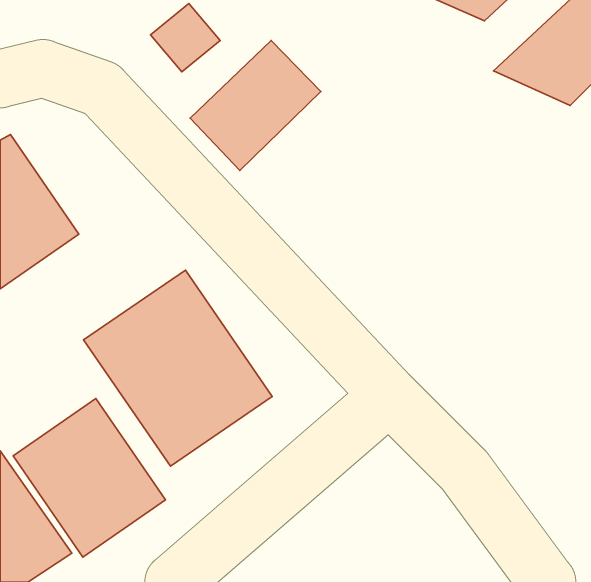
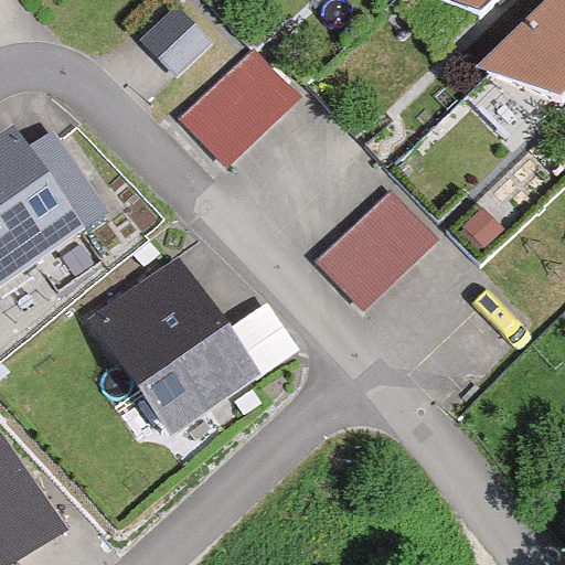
building: none -> [321,184,444,305]
building: [13,398,166,557] -> none

